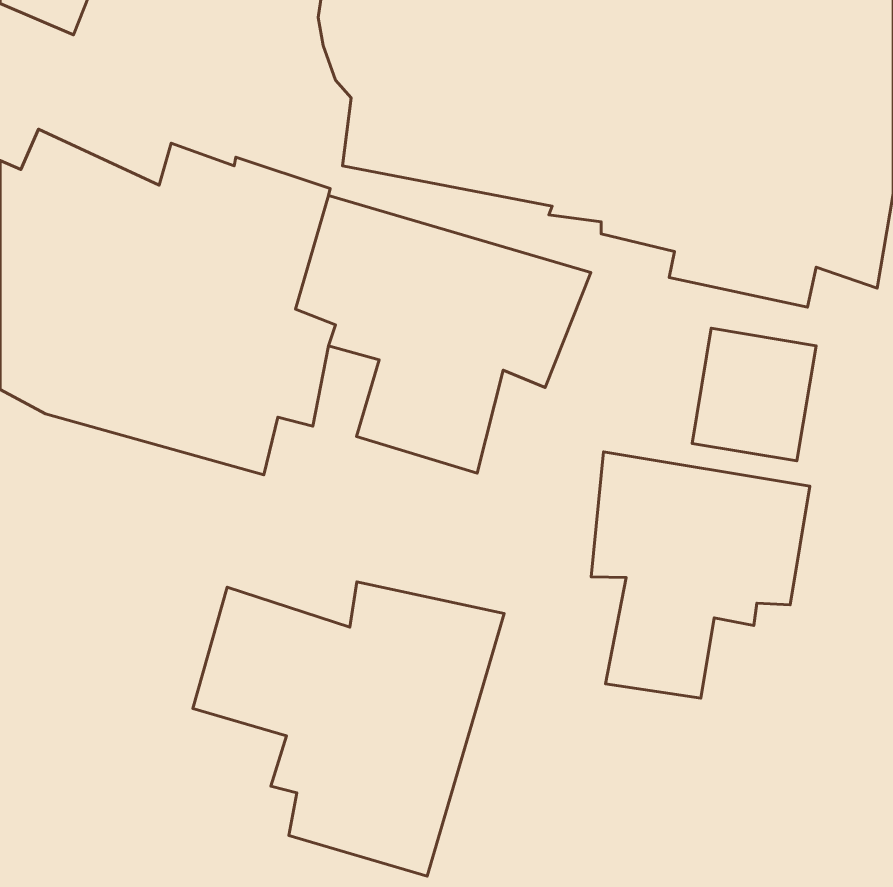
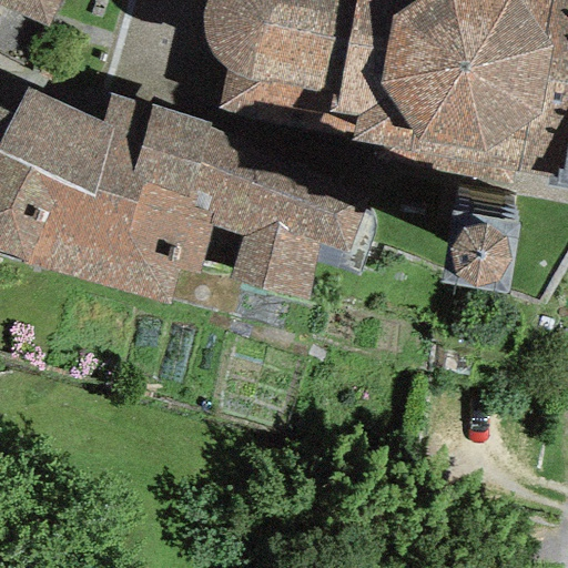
building: [591,452,810,698] -> none
building: [193,582,504,876] -> none

